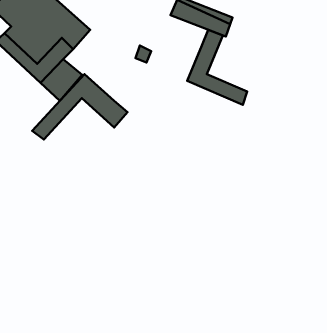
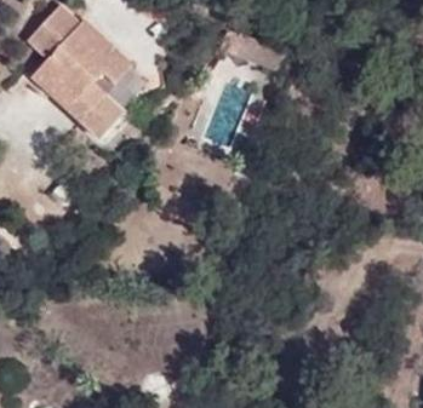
building: [187,30,247,105] -> none
building: [32,74,127,140] -> none

